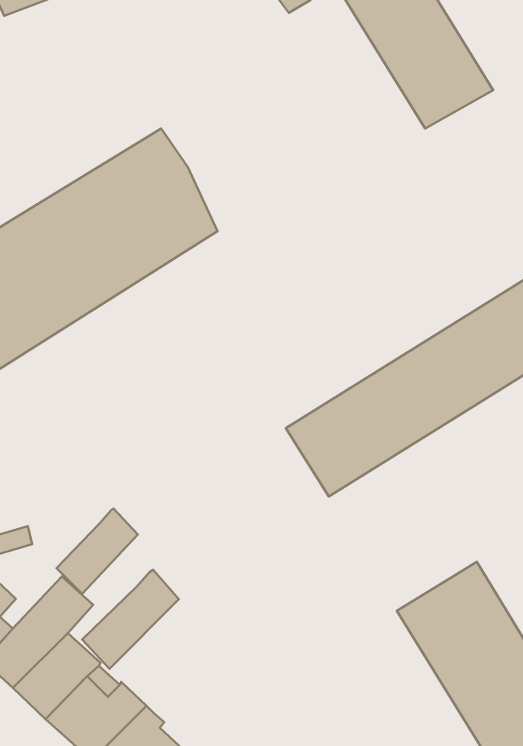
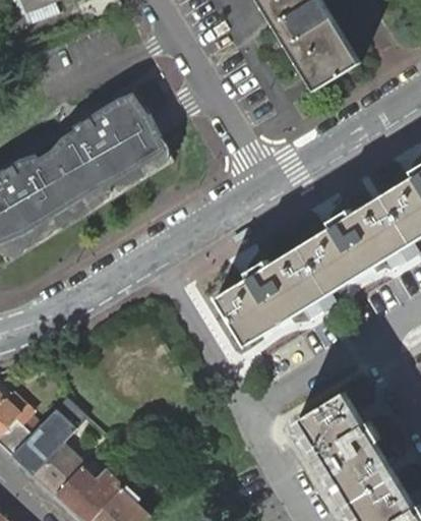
building: [56,509,138,594] -> none
building: [82,570,179,669] -> none

